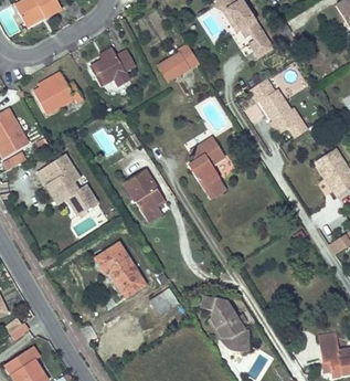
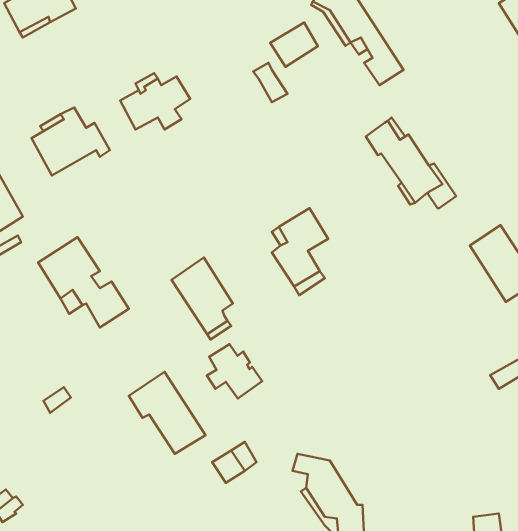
building: [158,53,189,82] -> [270,22,318,67]
building: none -> [207,344,262,398]

